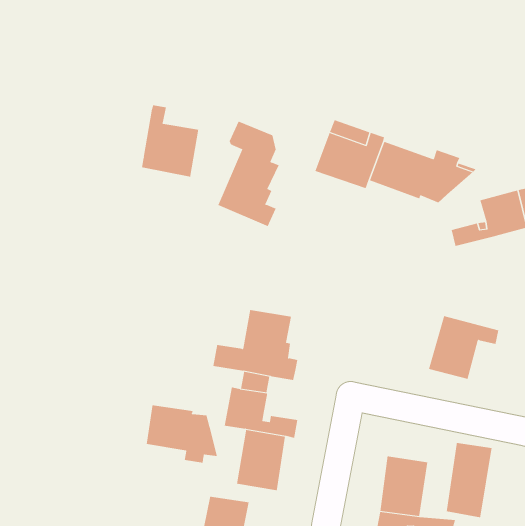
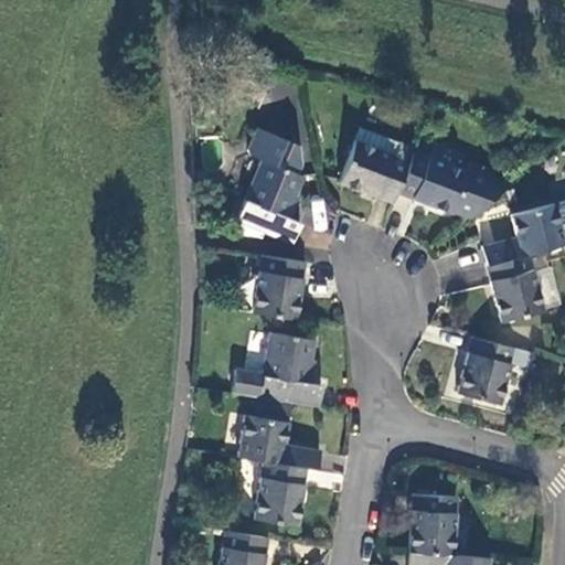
building: [142,105,199,177] -> none
building: none -> [489,254,546,322]
building: none -> [248,255,301,319]
building: [146,404,218,464] -> none
building: [446,442,492,518] -> none

